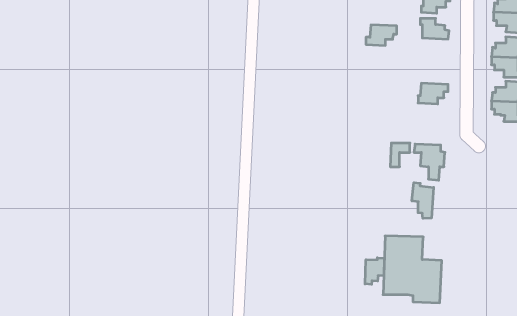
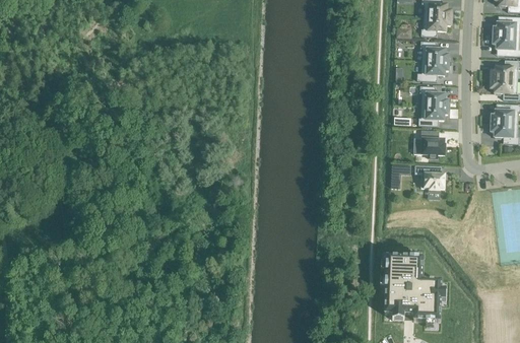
building: [366,25,397,45] -> [417,60,448,80]
building: none -> [419,85,448,106]
building: none -> [421,129,445,156]
building: [412,183,434,218] -> none
building: [365,258,384,284] -> none

